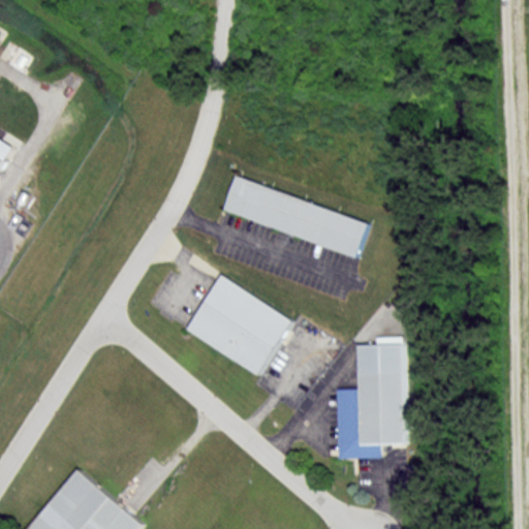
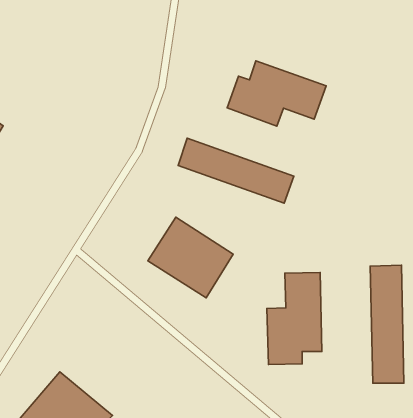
building: none -> [227,61,326,126]
building: none -> [370,265,404,383]

